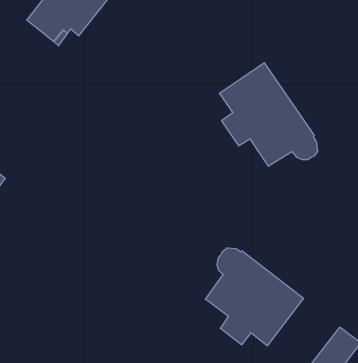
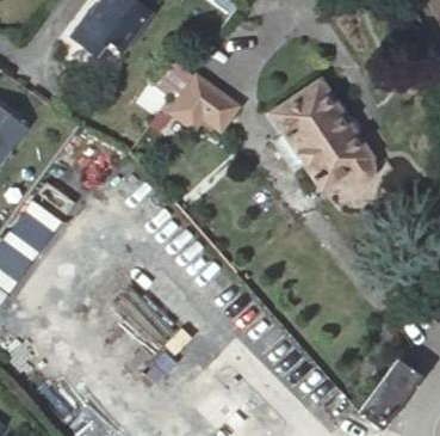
building: none -> [151,61,238,130]
building: [205,248,303,346] -> none

